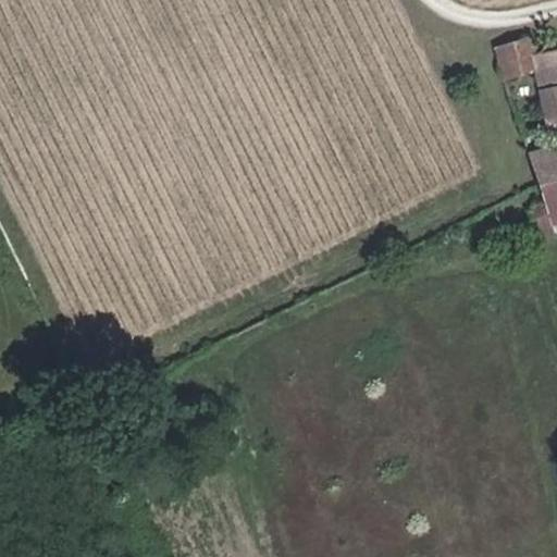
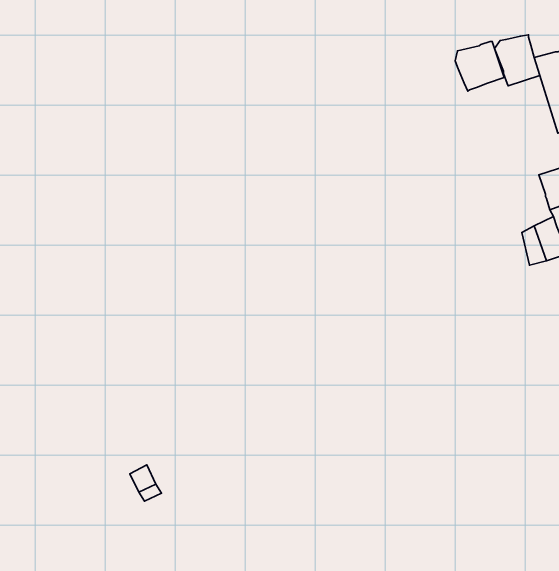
building: none -> [455,41,504,91]

